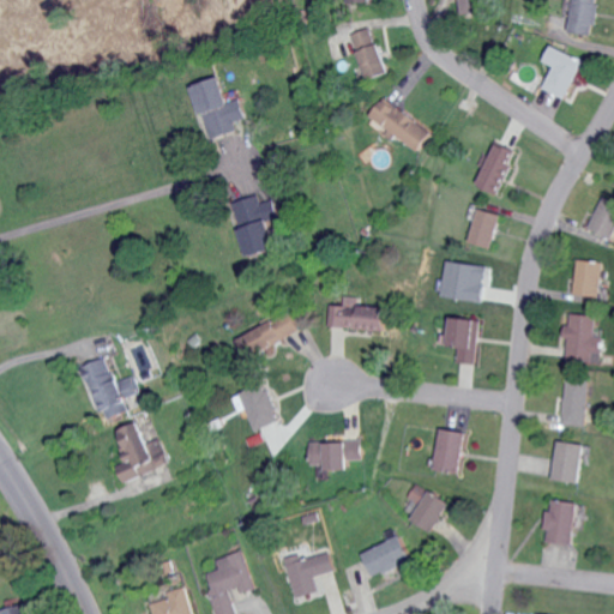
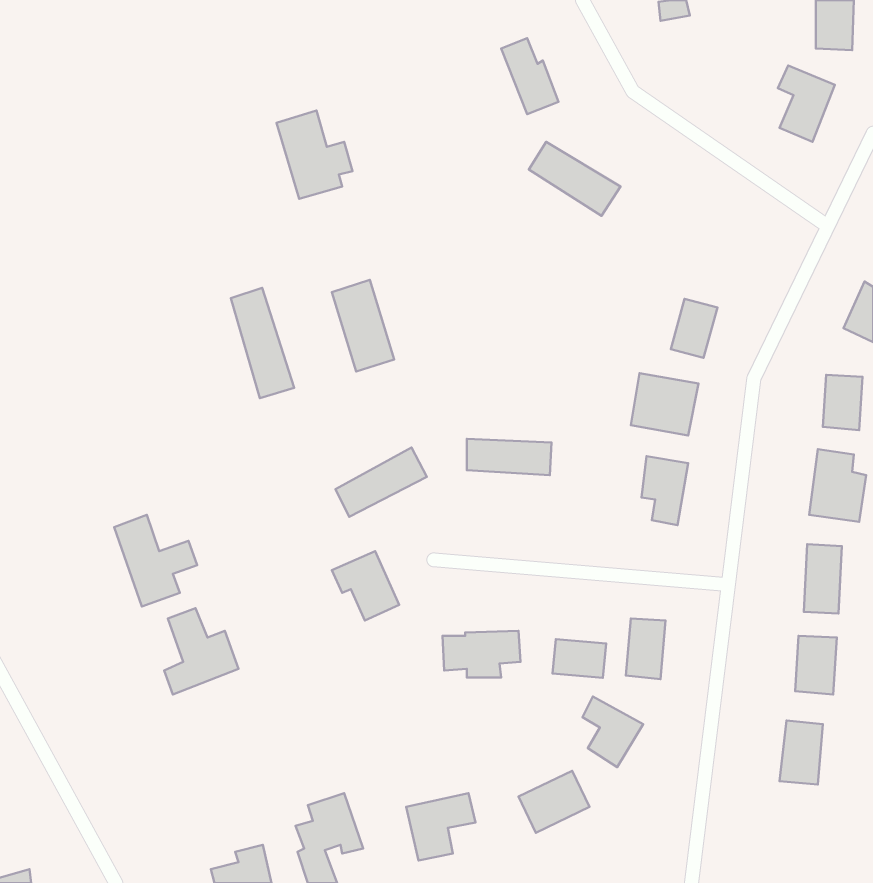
building: [474,140,512,193] -> none
building: none -> [231,288,294,398]
building: none -> [552,639,606,678]

